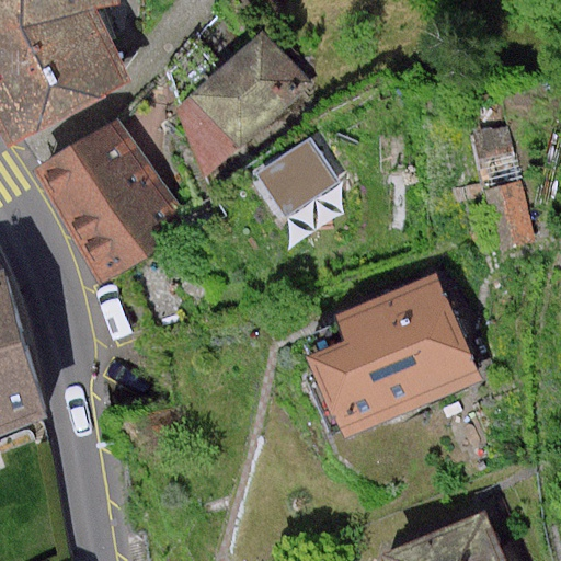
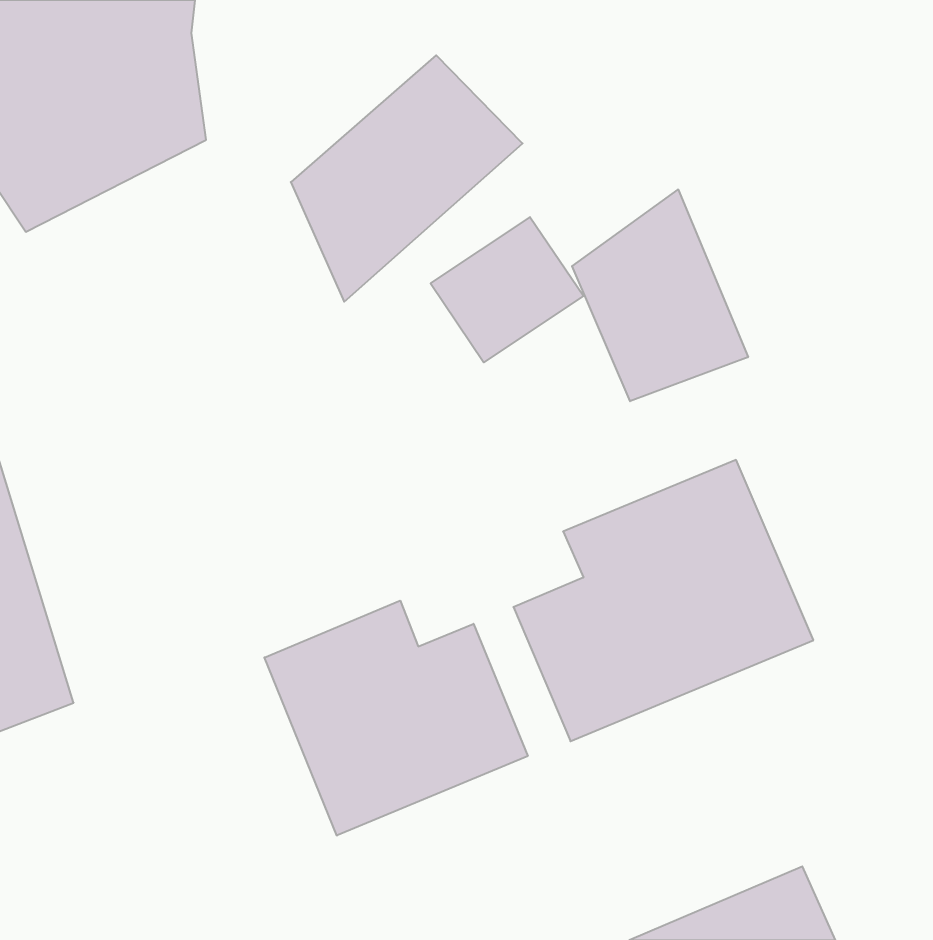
building: none -> [572,189,748,401]
building: [33,122,191,285] -> none
building: none -> [264,601,528,836]

